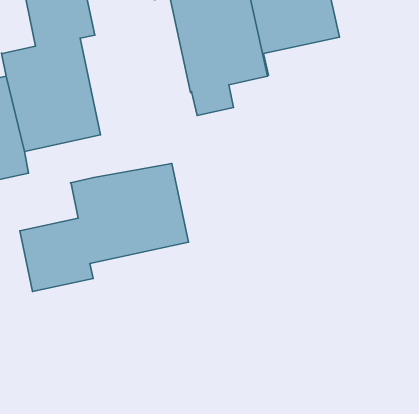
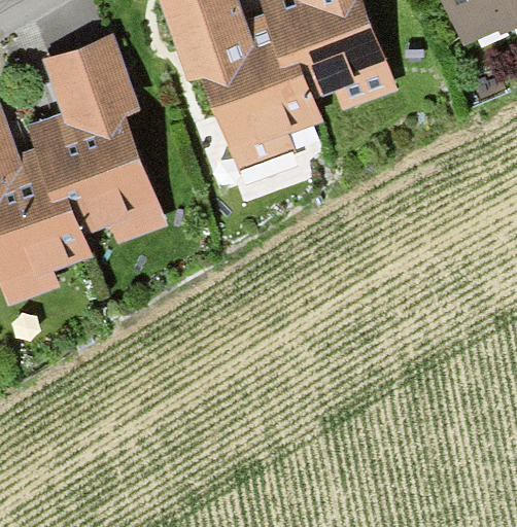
building: [20,163,189,292] -> none

